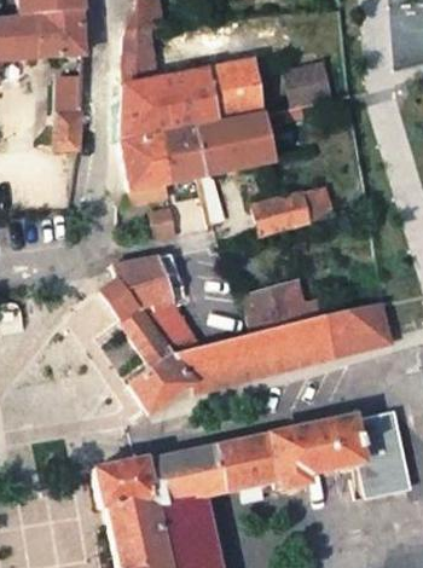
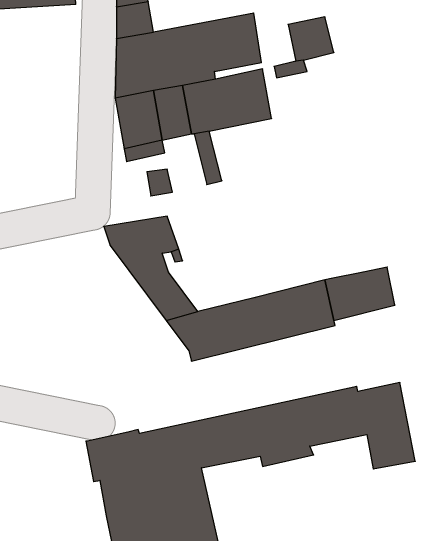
building: [57,74,85,147] -> none
building: [255,186,334,233] -> none
building: [79,282,192,412] -> none
building: [243,282,321,331] -> none

